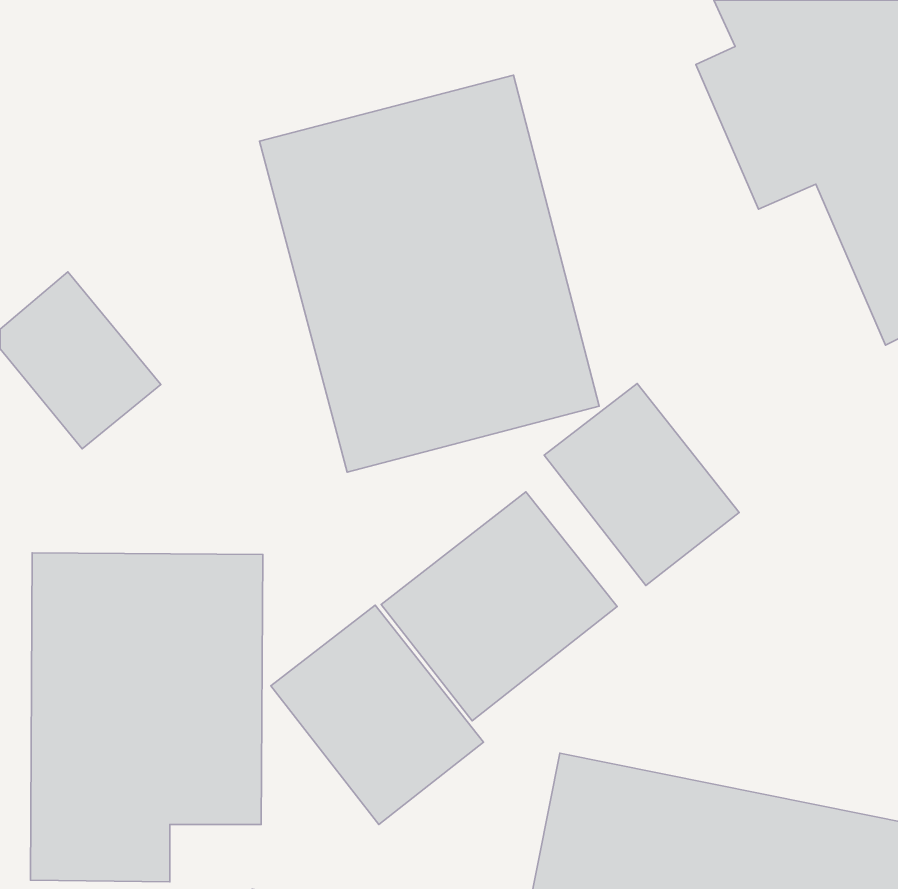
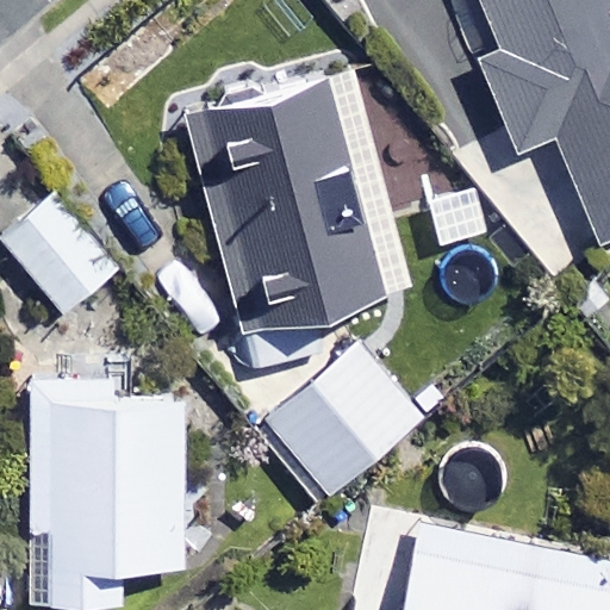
building: [544,383,739,586] -> none
building: [271,605,483,824] -> none

